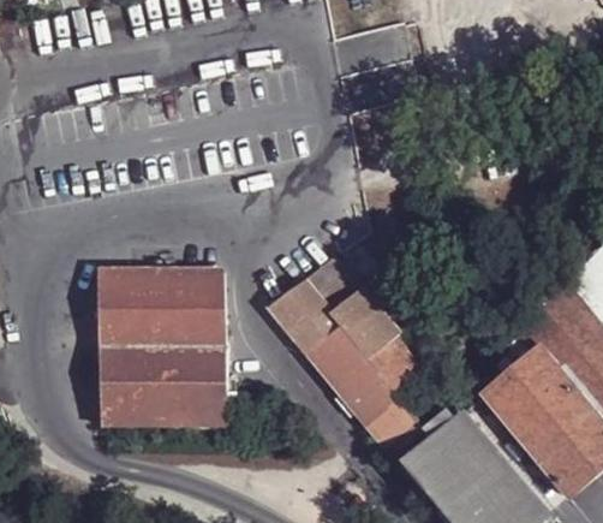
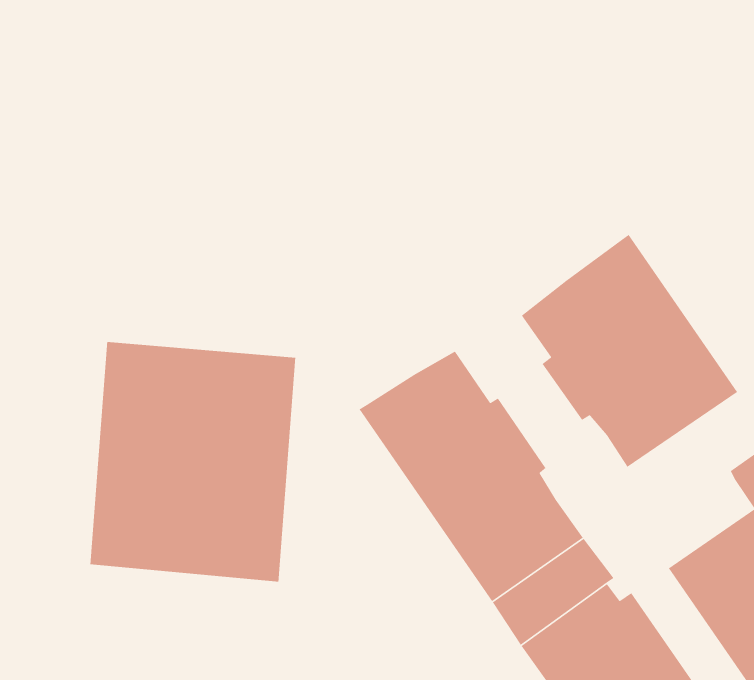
building: none -> [521,234,738,468]

